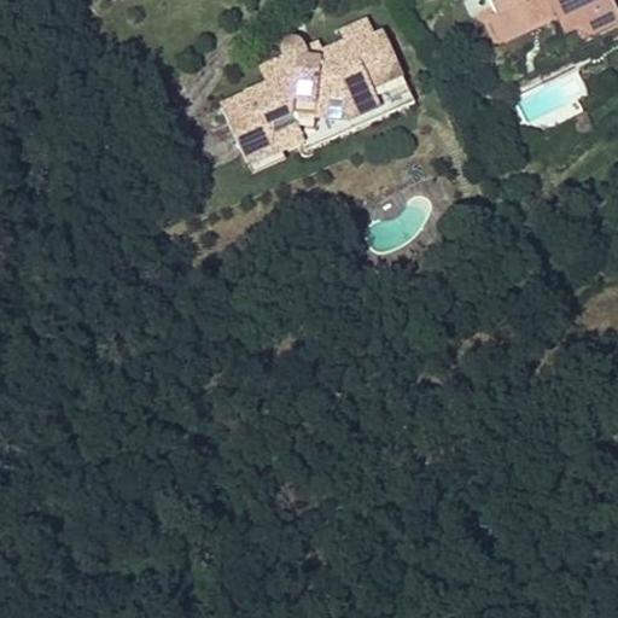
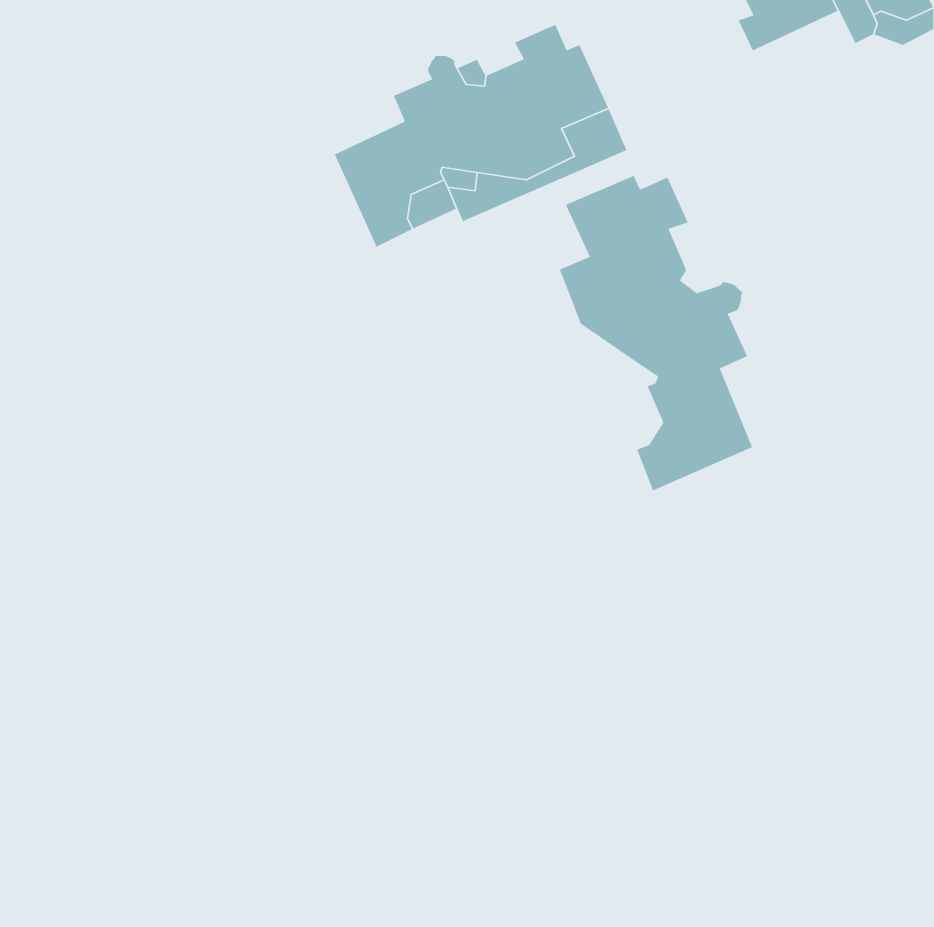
building: none -> [559,175,753,491]

